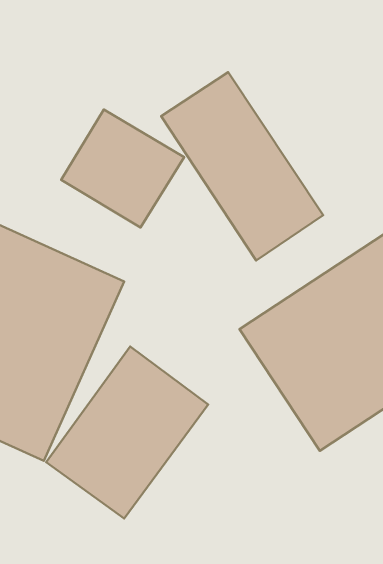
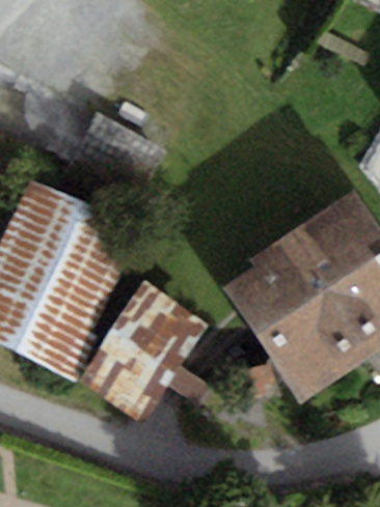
building: [161,72,323,261] -> none

